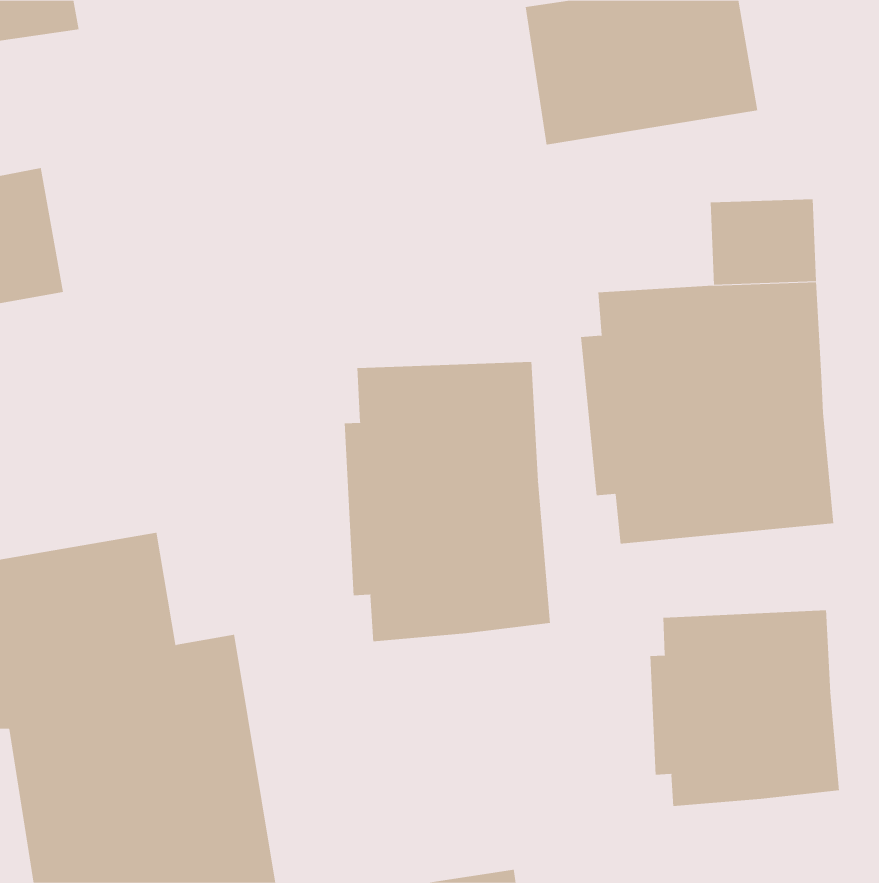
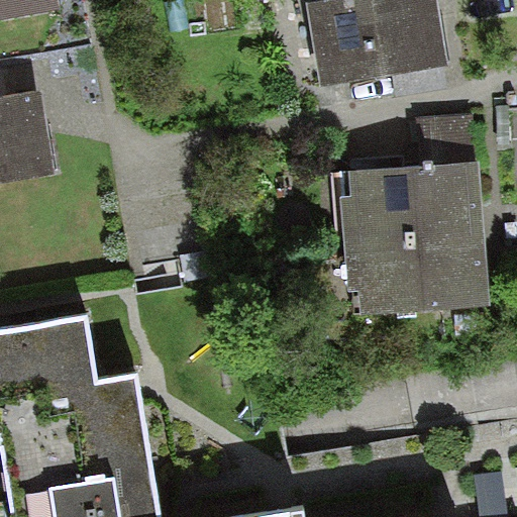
building: [344,361,550,642] -> none
building: [650,609,840,807] -> none

